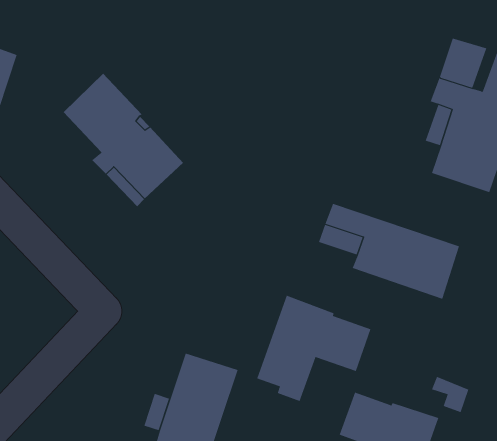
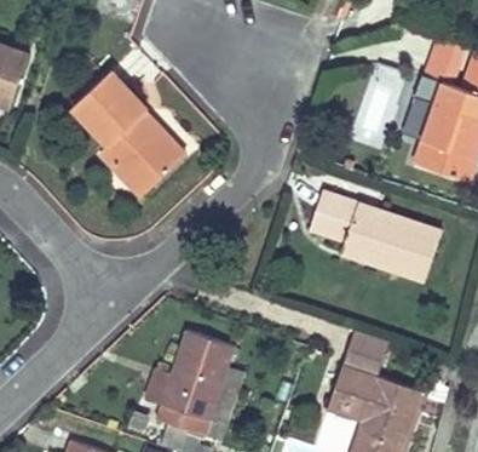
building: [256,295,371,402] -> none
building: none -> [342,332,388,378]

